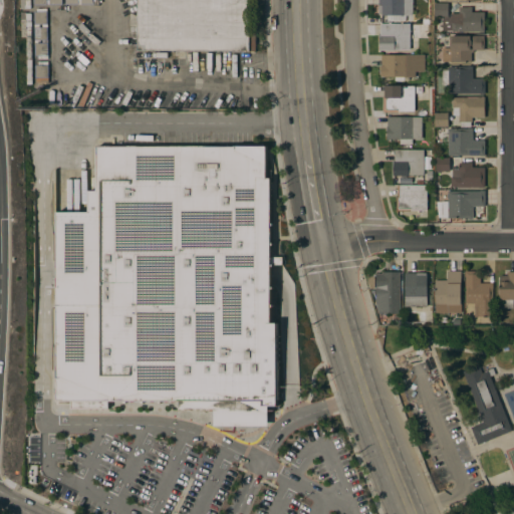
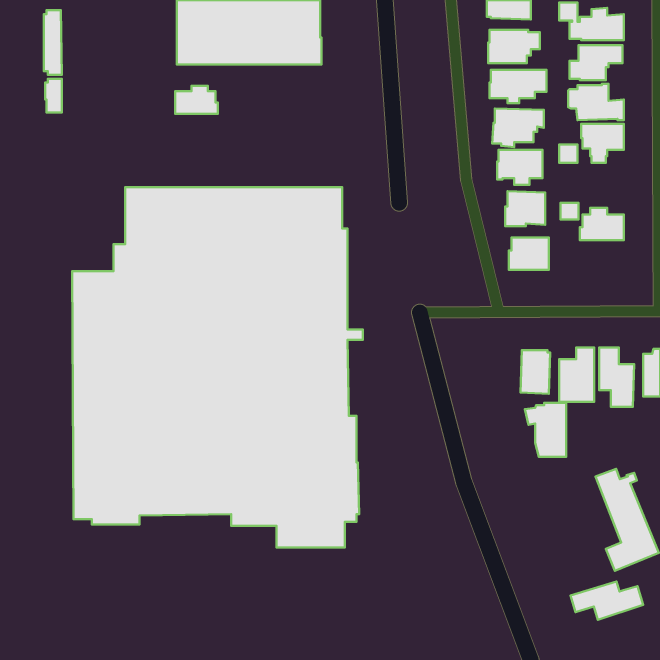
building: none -> [175,86,218,114]
building: [448,127,485,156] -> none
building: [438,190,485,218] -> none
building: [367,271,400,313] -> [525,403,566,457]
building: none -> [571,582,643,620]

